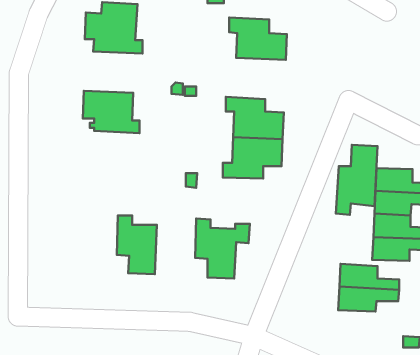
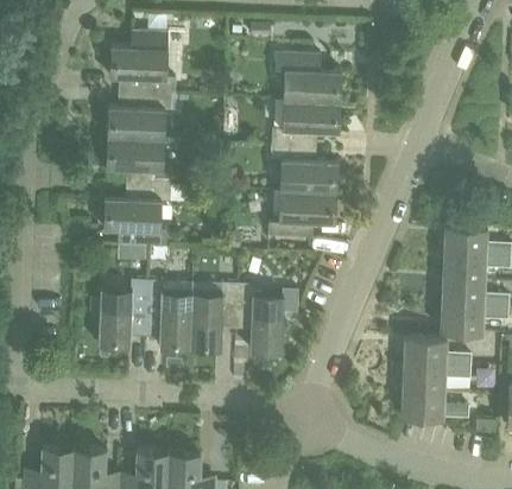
building: none -> [108,93,176,140]
building: none -> [272,100,341,147]
building: none -> [105,184,184,248]
building: [336,145,378,215] -> none
building: none -> [99,280,147,348]
building: none -> [190,285,238,351]
building: none -> [400,390,469,419]

